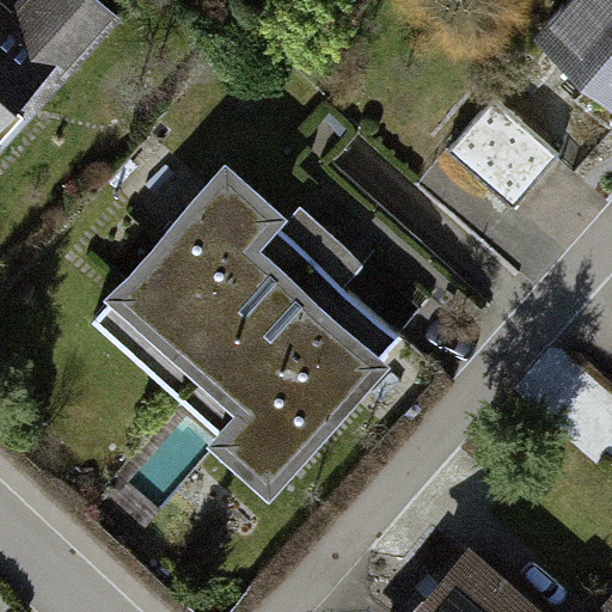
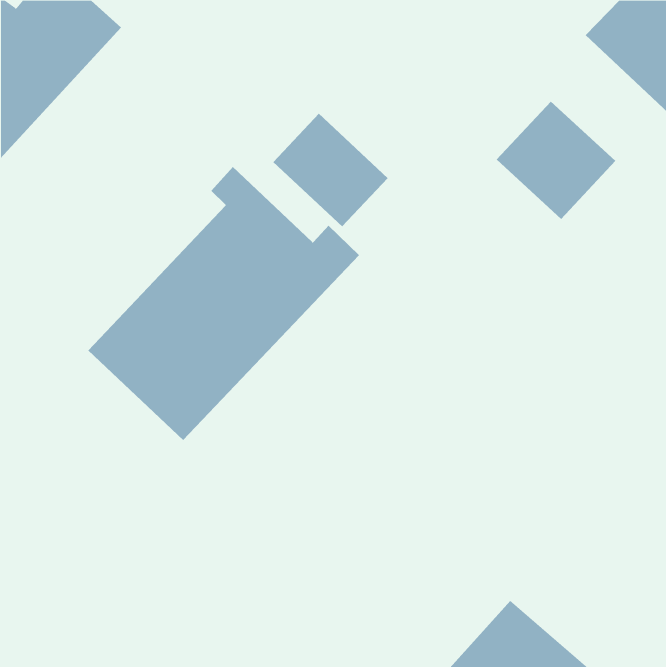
building: none -> [273,113,389,227]
building: [170,234,408,492] -> none

